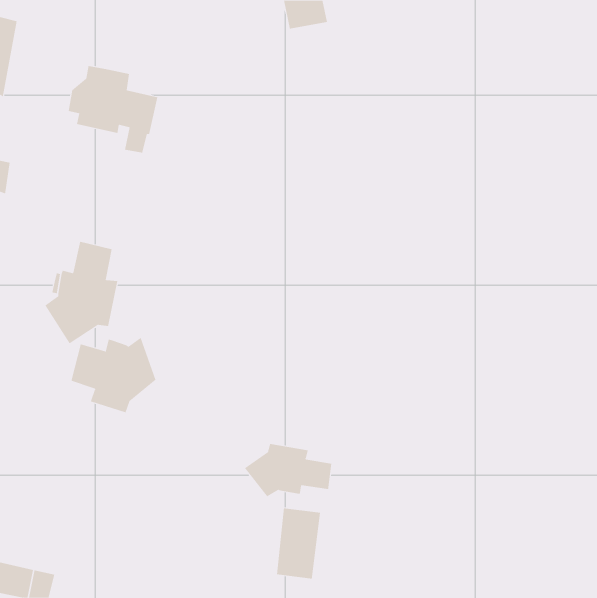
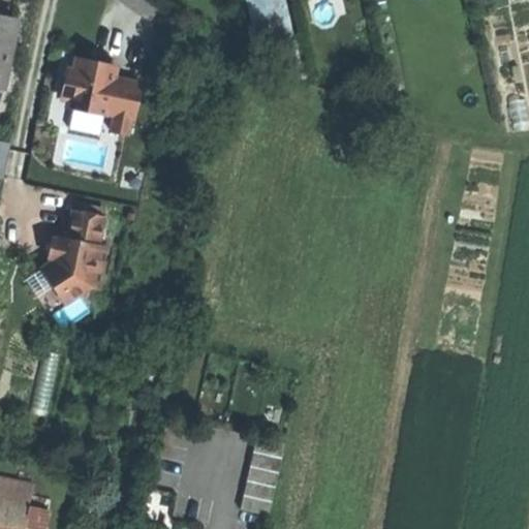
building: [71,337,156,413] -> none
building: [244,443,332,497] -> none

